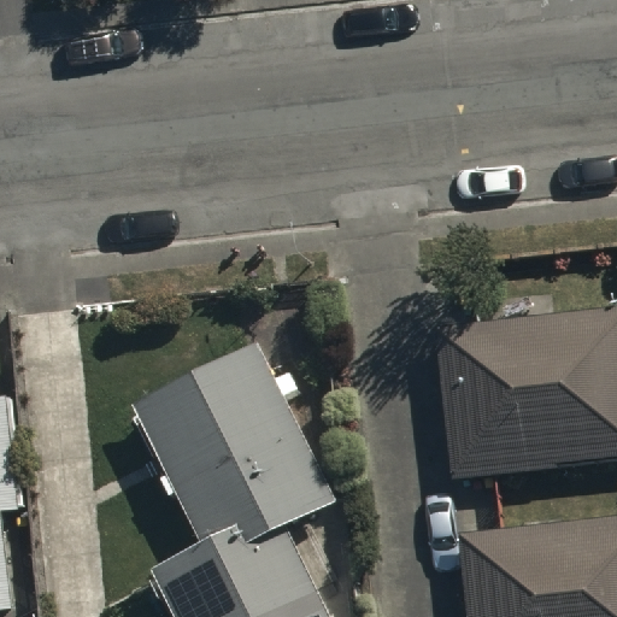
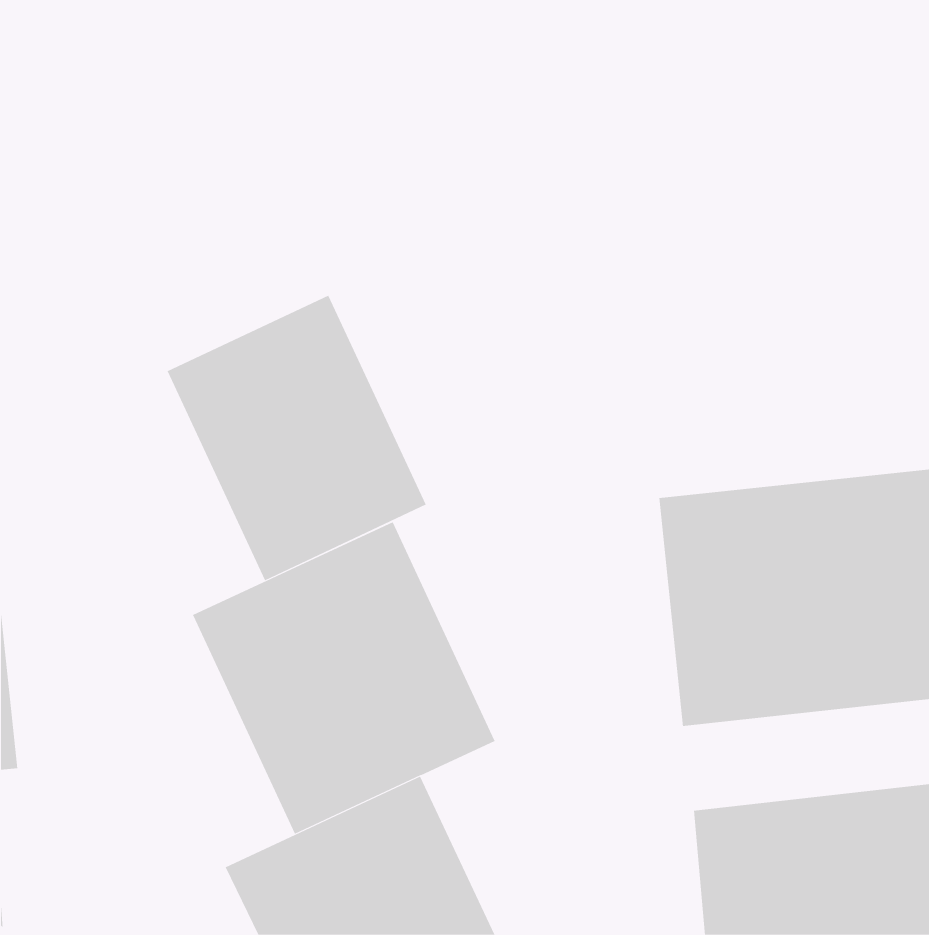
building: none -> [167,295,426,581]

